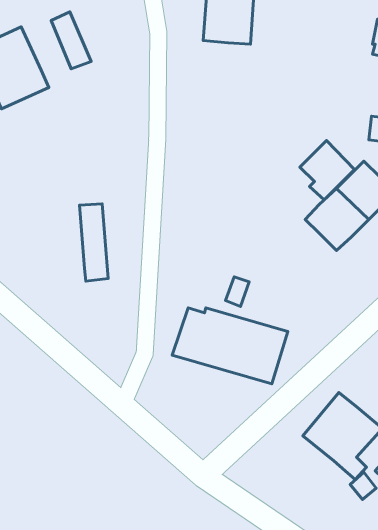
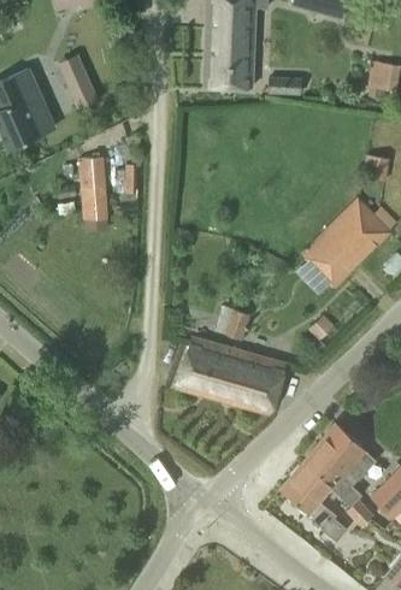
building: [300,141,354,200] -> none
building: [80,204,108,281] -> [79,158,107,232]
building: none -> [281,465,336,529]

